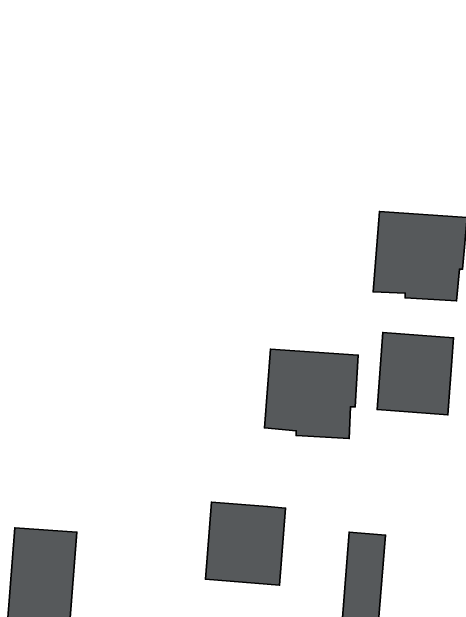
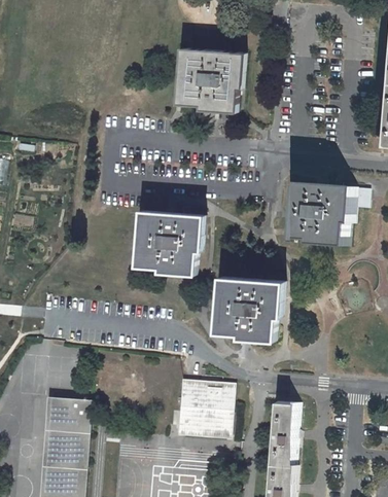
building: none -> [177,49,241,111]
building: none -> [137,212,201,273]
building: [377,332,454,415] -> none

